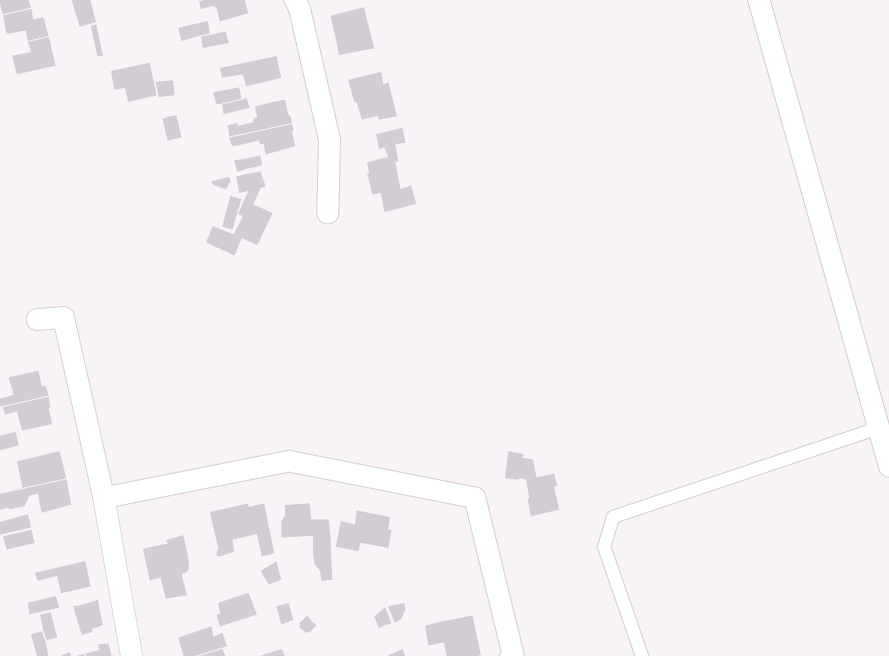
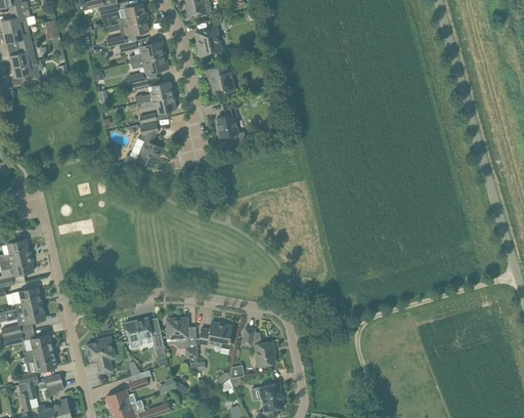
building: none -> [130,41,165,62]
building: [110,62,157,102] -> [12,61,40,85]
building: [504,451,560,517] -> [243,328,275,367]
building: none -> [23,335,53,359]

